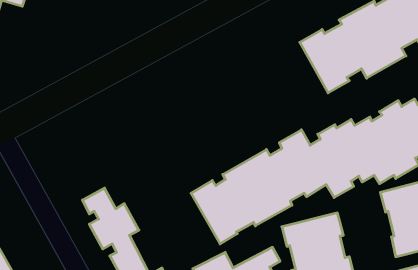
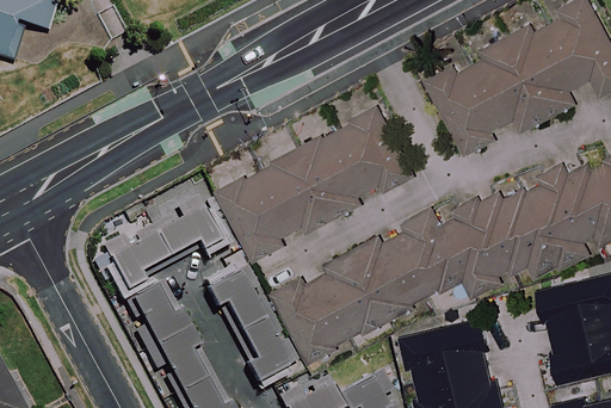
building: none -> [221,104,416,256]
building: none -> [100,190,220,290]
building: none -> [205,252,298,384]

